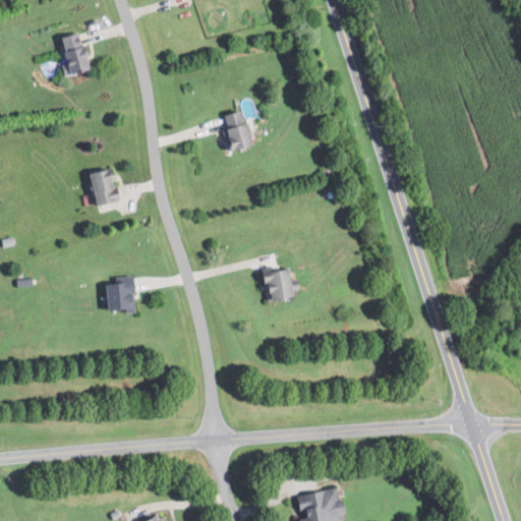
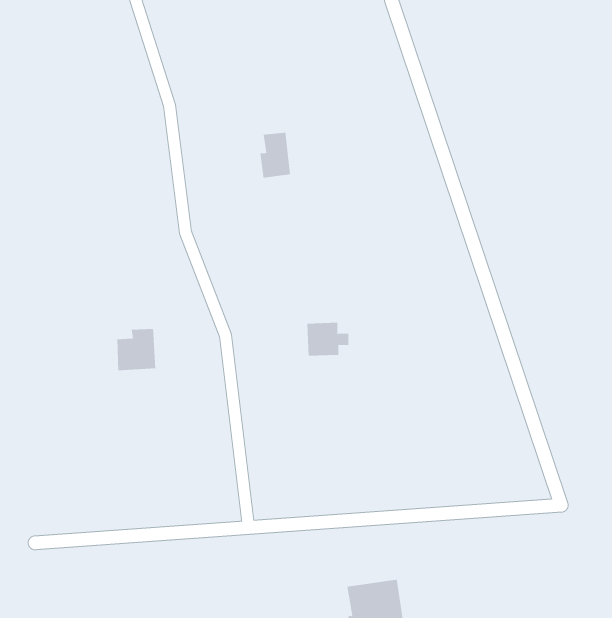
building: [59,34,94,74] -> none
building: [88,169,124,207] -> none

